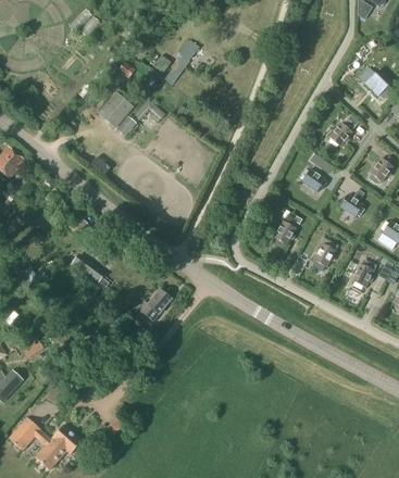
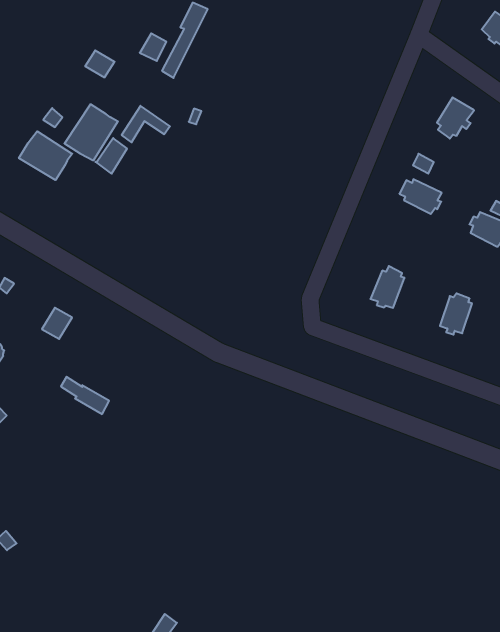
building: none -> [19,131,72,180]
building: [138,290,172,322] -> none

